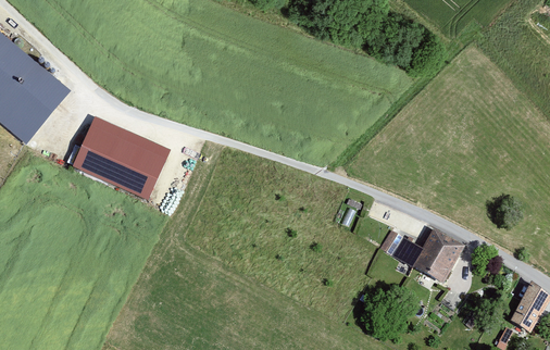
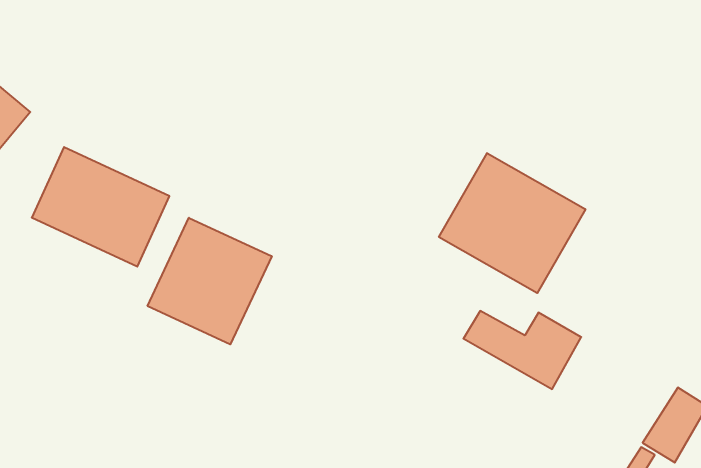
building: none -> [439,153,585,293]
building: none -> [148,218,272,344]

